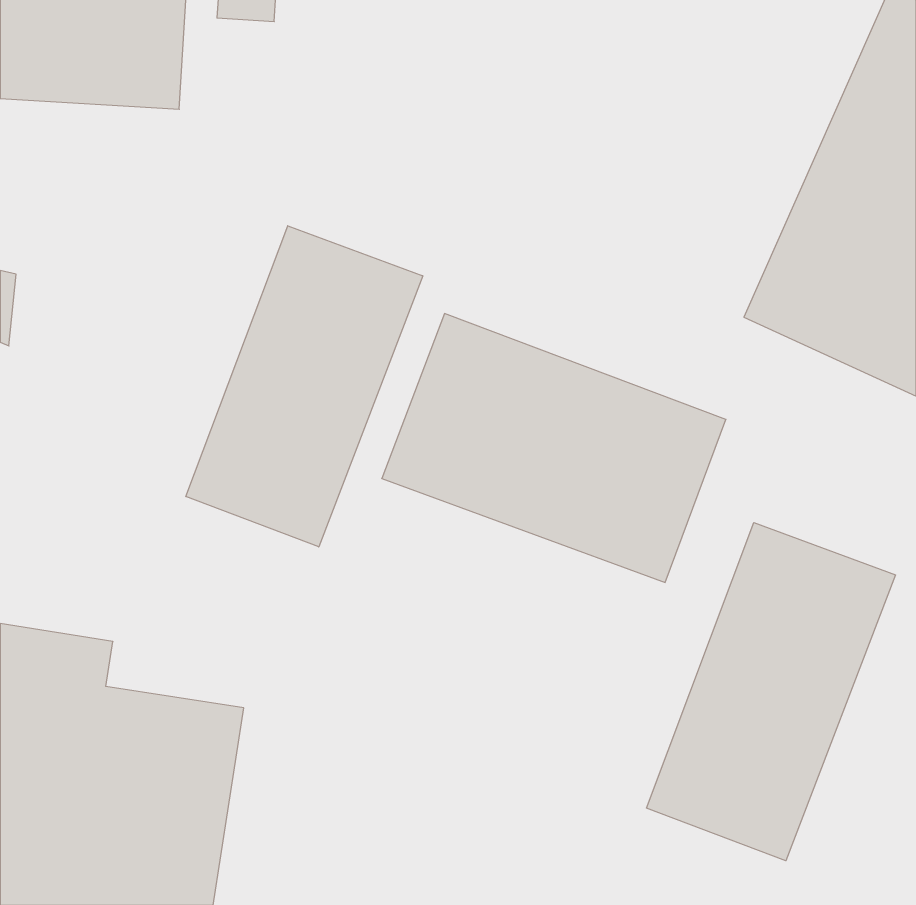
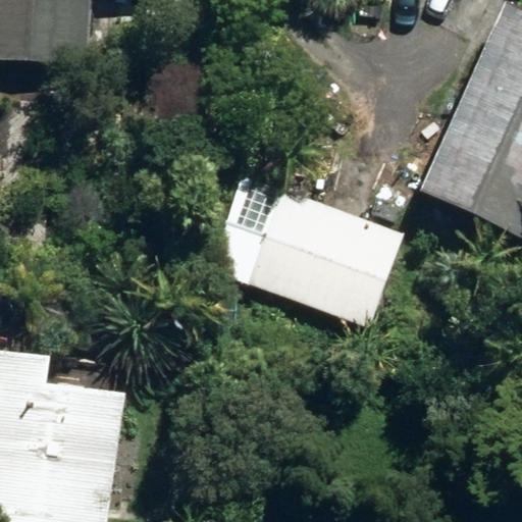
building: [186,226,423,547] -> none
building: [647,523,896,861] -> none

